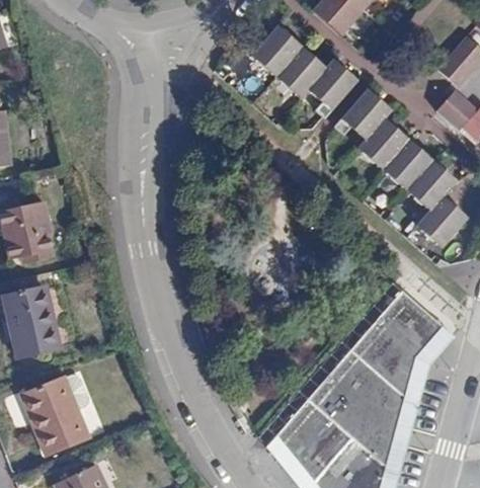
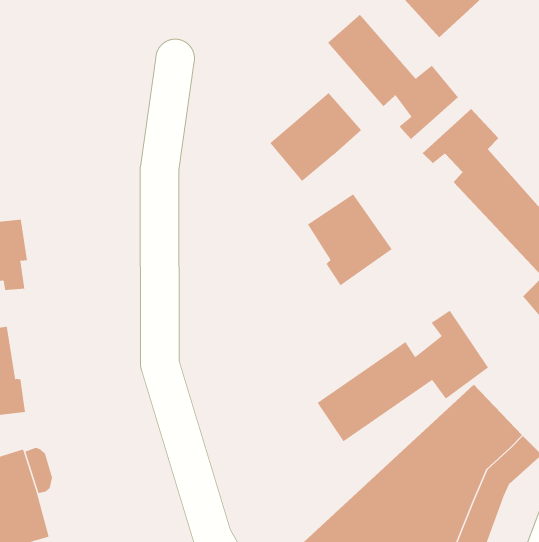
building: none -> [269,92,362,182]
building: none -> [307,193,392,286]
building: none -> [317,310,489,442]

